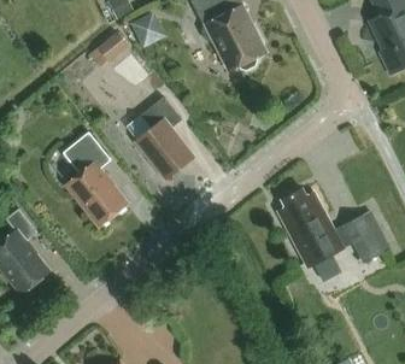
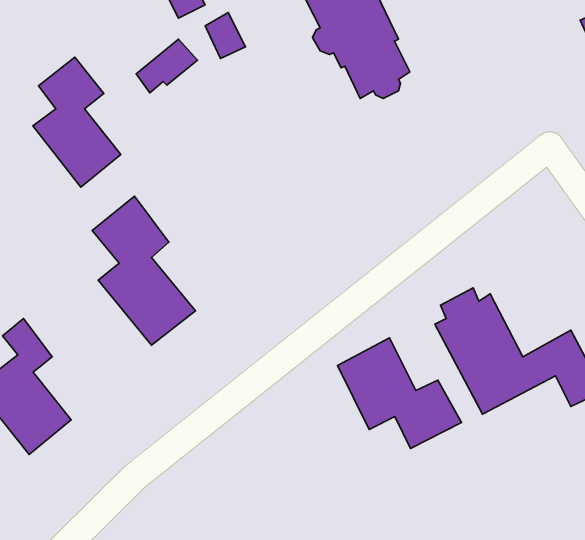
building: [137,95,193,177] -> [33,57,121,187]
building: none -> [338,338,462,449]

